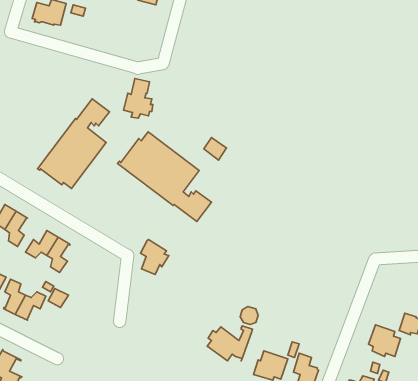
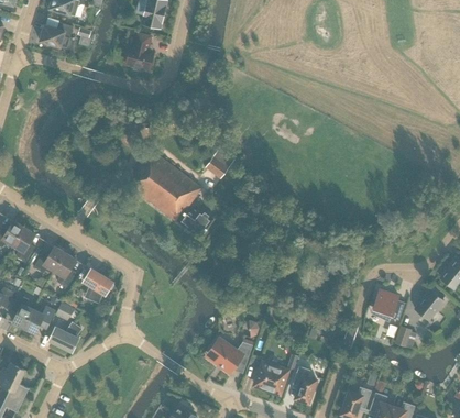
building: [123,79,153,118] -> [125,33,154,72]
building: [37,99,110,189] -> none
building: [140,239,169,275] -> [84,268,111,302]
building: none -> [48,322,81,350]
building: [369,325,400,357] -> [373,289,404,320]

